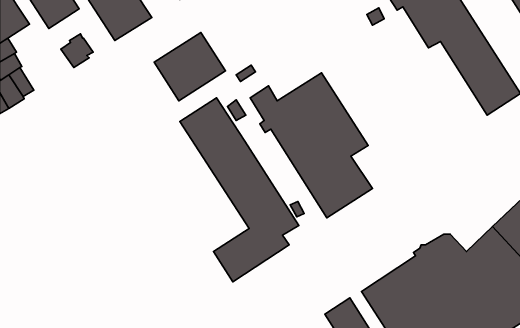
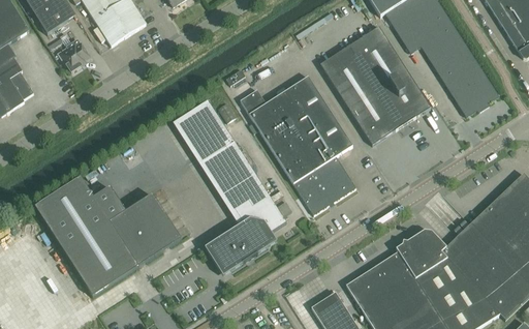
building: none -> [320,26,430,144]
building: [154,32,226,101] -> none
building: none -> [35,177,181,296]

